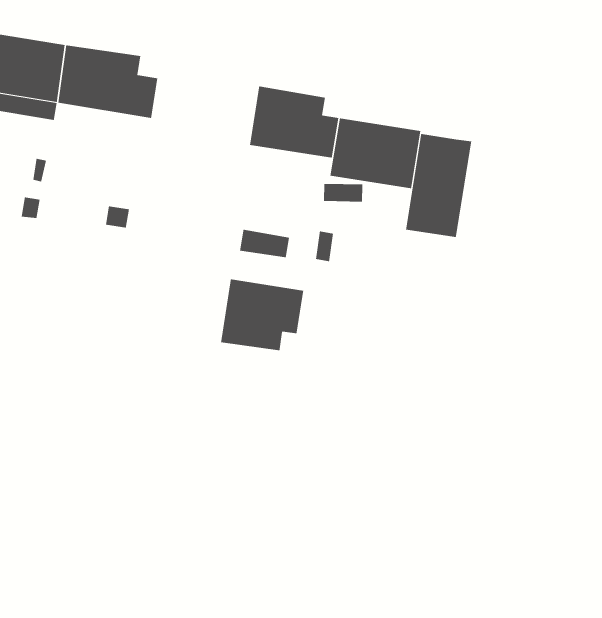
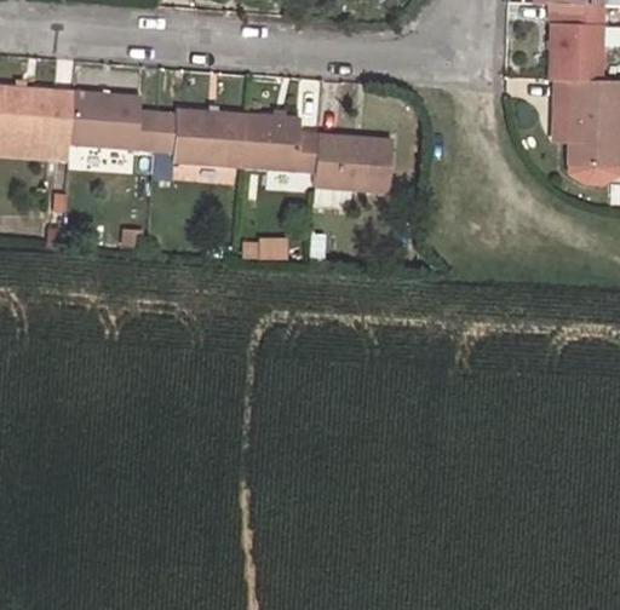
building: none -> [151,109,245,180]
building: [405,133,472,238] -> none
building: [220,279,304,351] -> none

